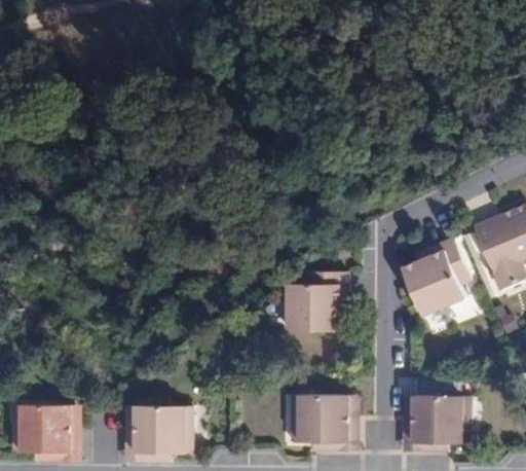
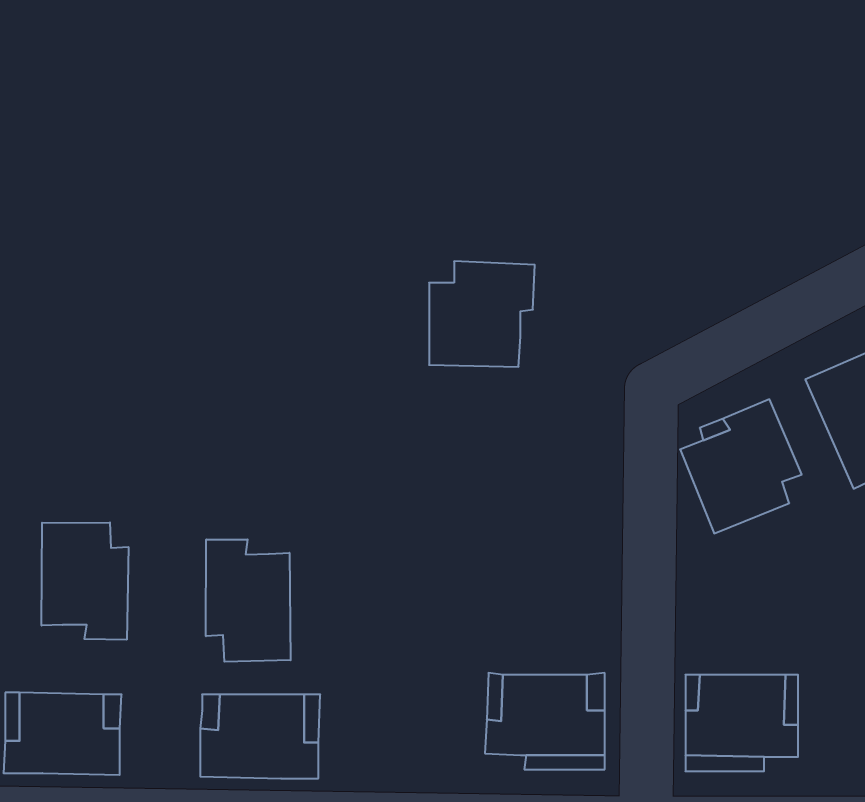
building: [288,270,348,331] -> [429,261,535,367]
building: none -> [42,522,128,640]
building: none -> [206,539,291,662]

